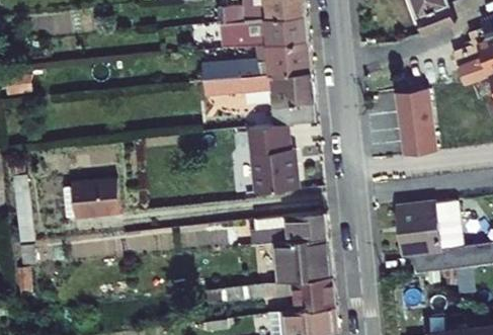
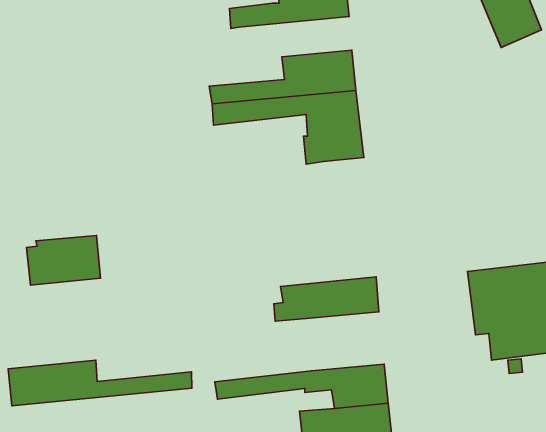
building: [221,14,308,49] -> none
building: [393,88,438,157] -> none
building: [248,123,298,192] -> none
building: [273,237,332,281] -> none
building: none -> [8,360,192,406]

